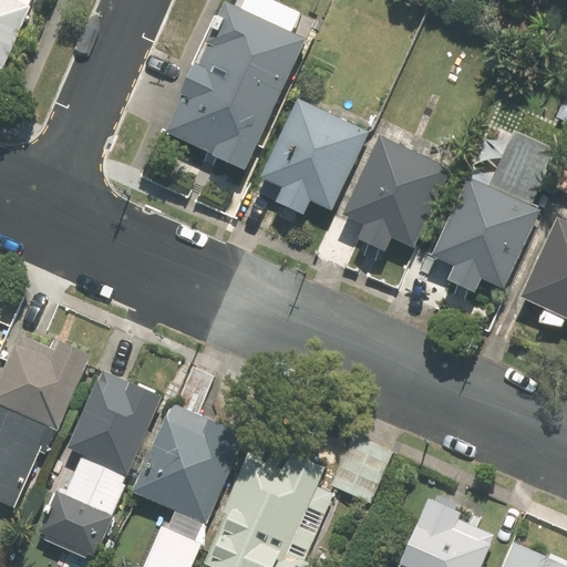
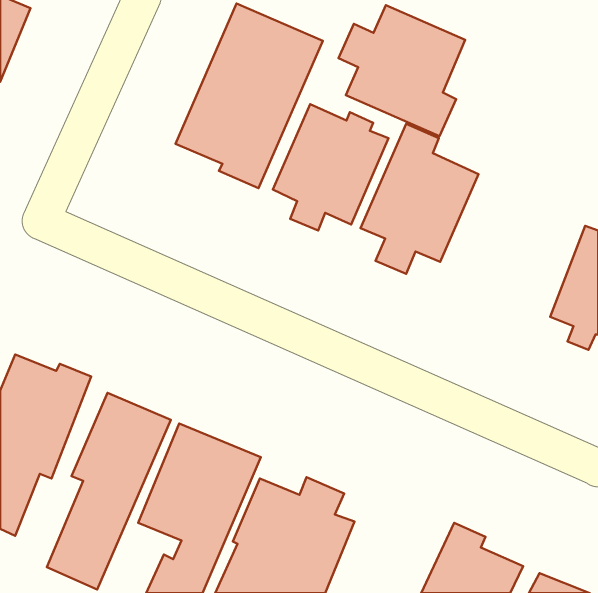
building: none -> [338,5,465,136]
building: [434,123,558,295] -> none

